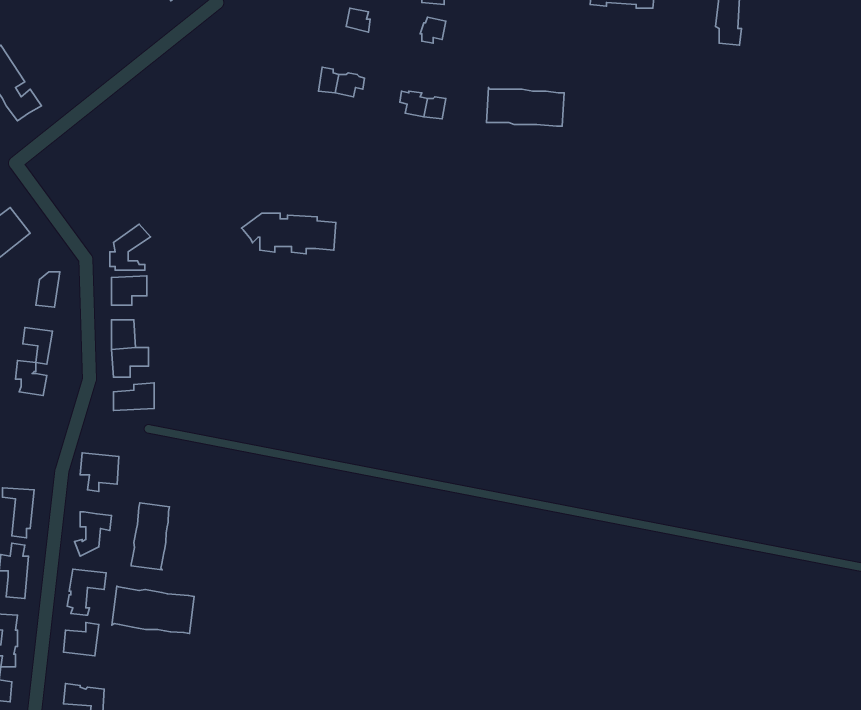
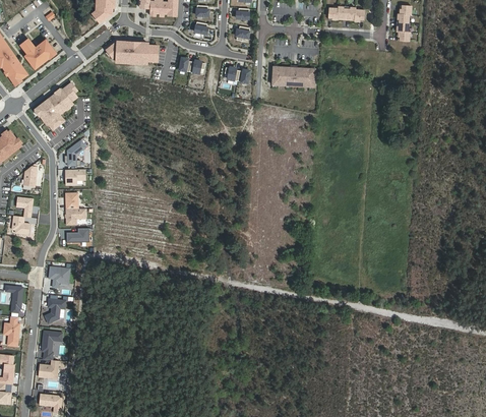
building: none -> [19,40,55,69]
building: none -> [35,83,76,129]
building: [241,213,336,254] -> [106,42,158,64]
building: [131,503,169,570] -> none
building: [112,586,194,633] -> none

